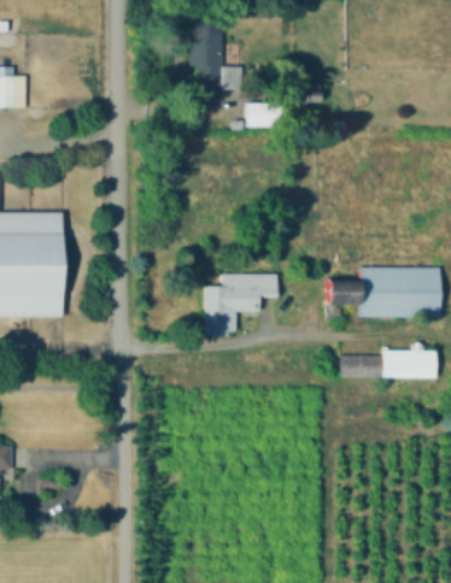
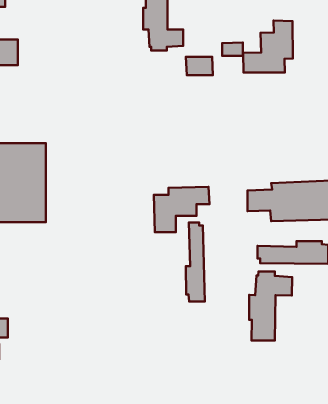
building: none -> [243,21,293,72]
building: none -> [186,222,205,302]
building: none -> [249,271,292,341]

